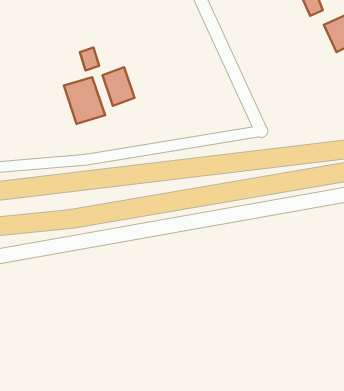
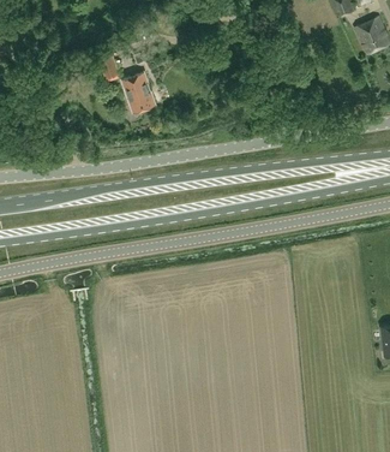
building: [64,77,105,124] -> none

